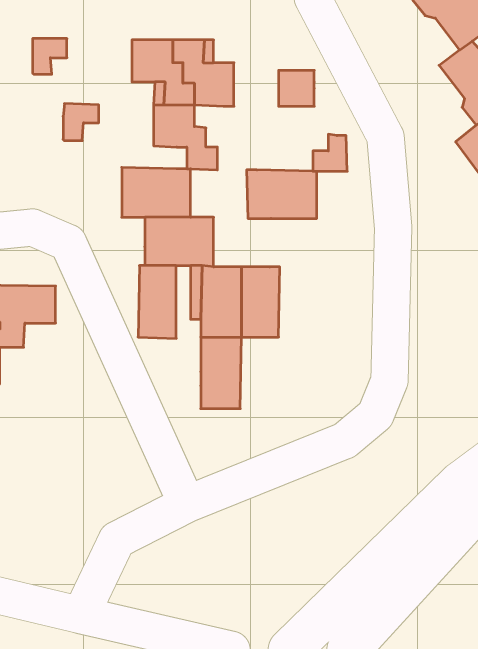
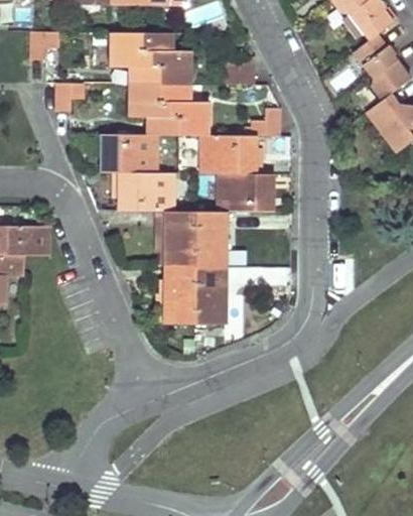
building: none -> [159,84,209,135]
building: none -> [219,173,273,212]
building: [138,266,176,338] -> [195,267,226,325]

